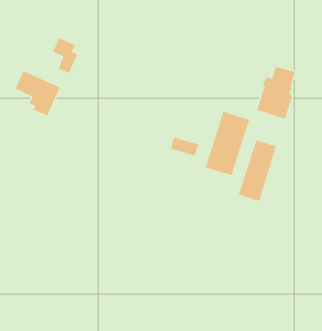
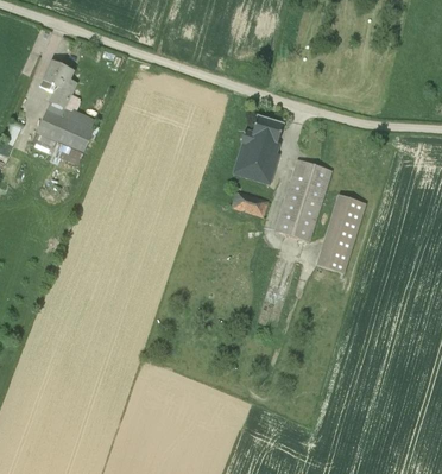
building: [52,37,79,74] -> [43,59,76,106]
building: [256,66,296,120] -> [233,115,283,183]

